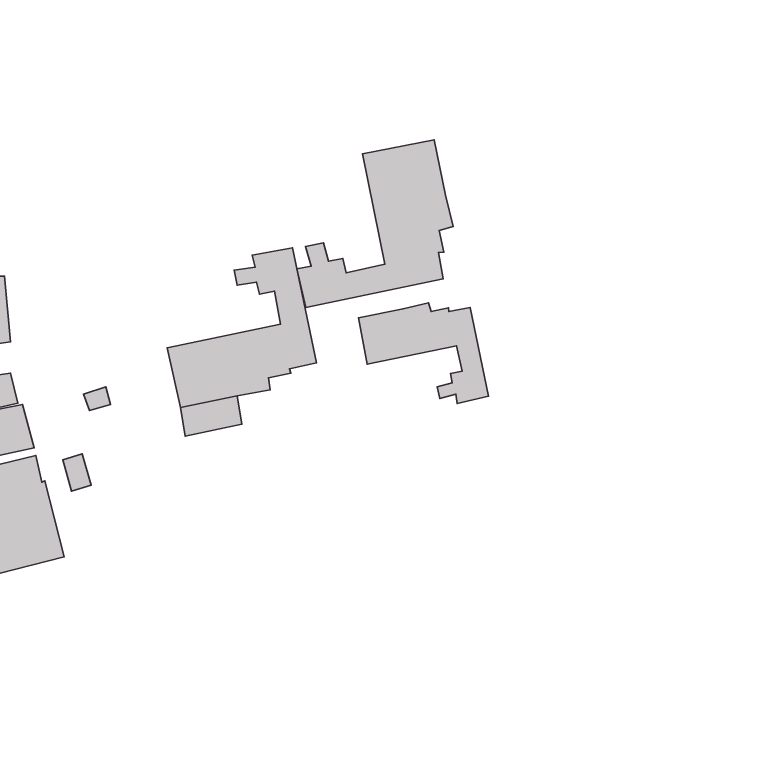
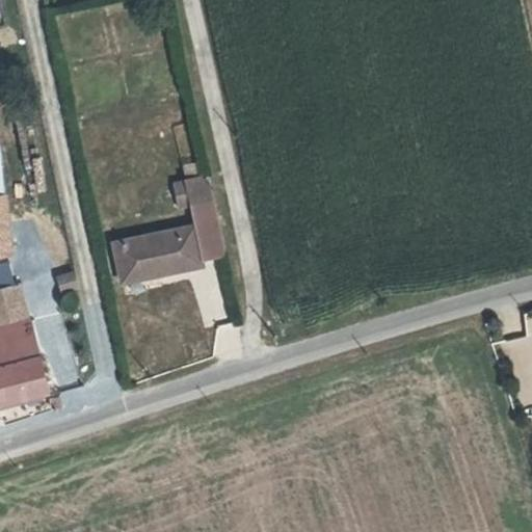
building: [297,140,453,307] -> none
building: [358,303,489,403] -> none

